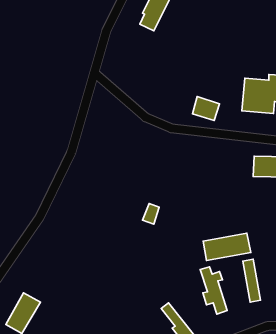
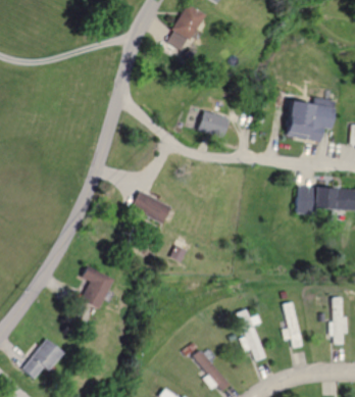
building: [193,96,220,121] -> [198,110,227,137]
building: none -> [132,192,169,222]
building: none -> [80,266,111,309]
building: [203,233,251,261] -> none

